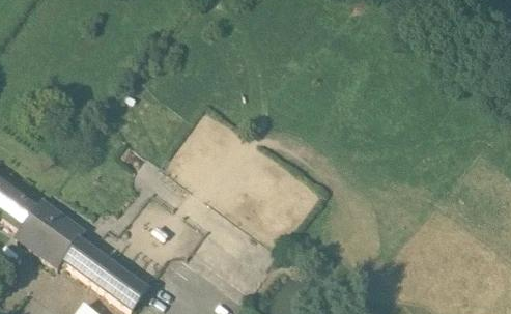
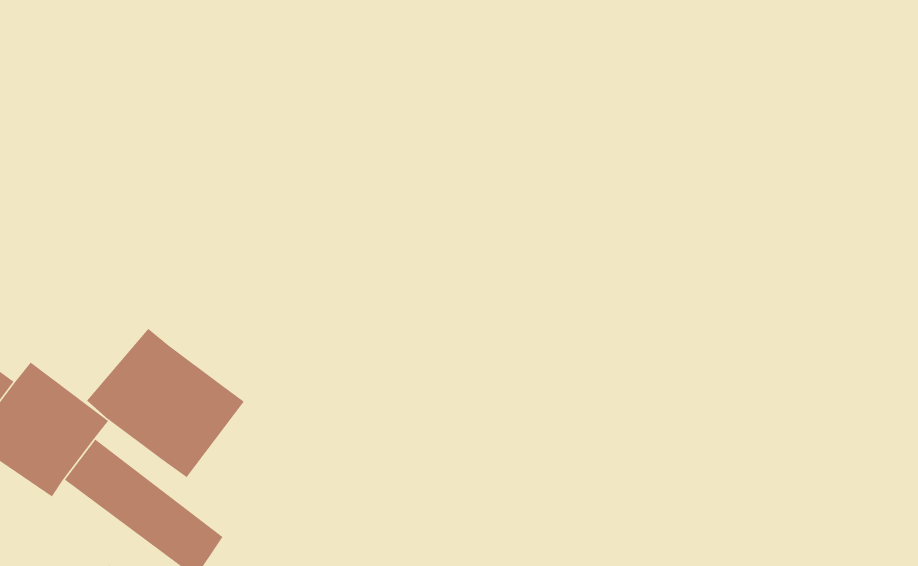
building: none -> [86,328,245,478]

